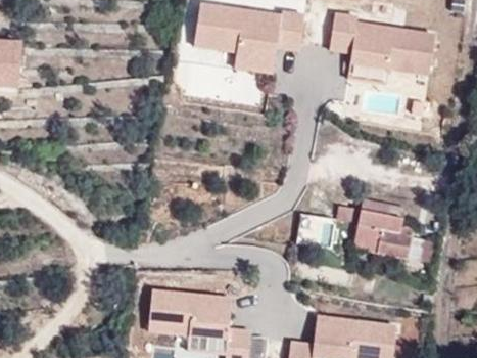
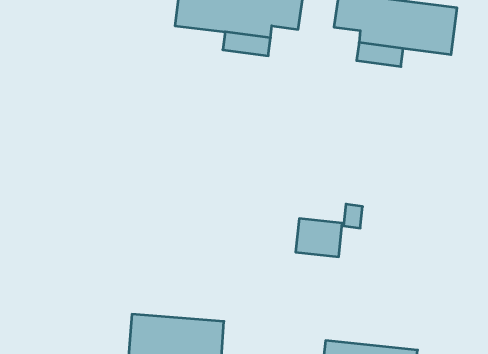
building: [353,196,407,252] -> none

